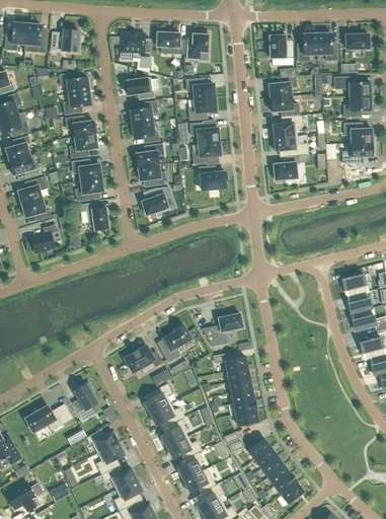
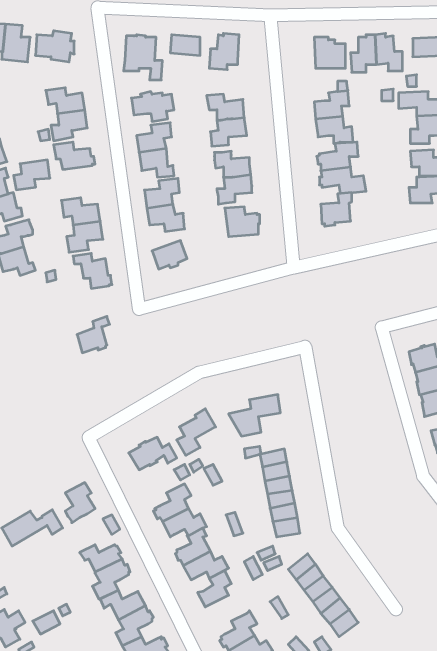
building: [69,134,97,157] -> [14,160,50,190]
building: [31,224,57,252] -> [77,316,110,353]
building: [183,467,216,492] -> none

